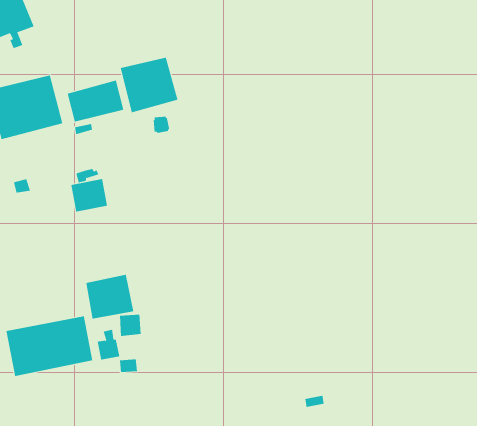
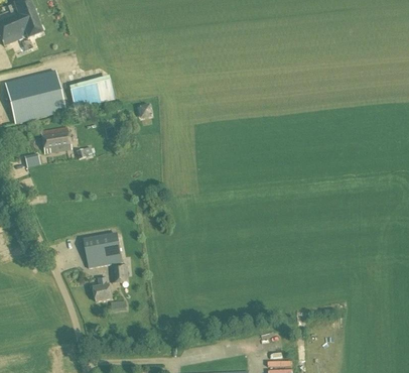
building: [120,57,178,113] -> none
building: [70,179,108,212] -> [40,126,71,153]
building: [6,315,93,377] -> none

